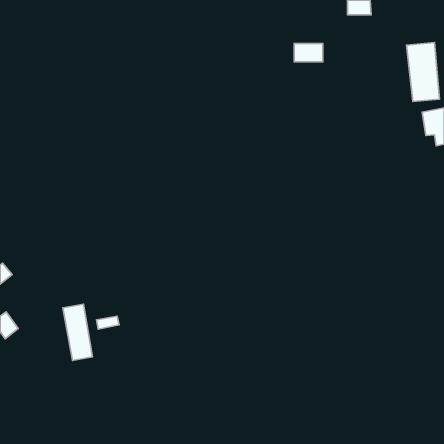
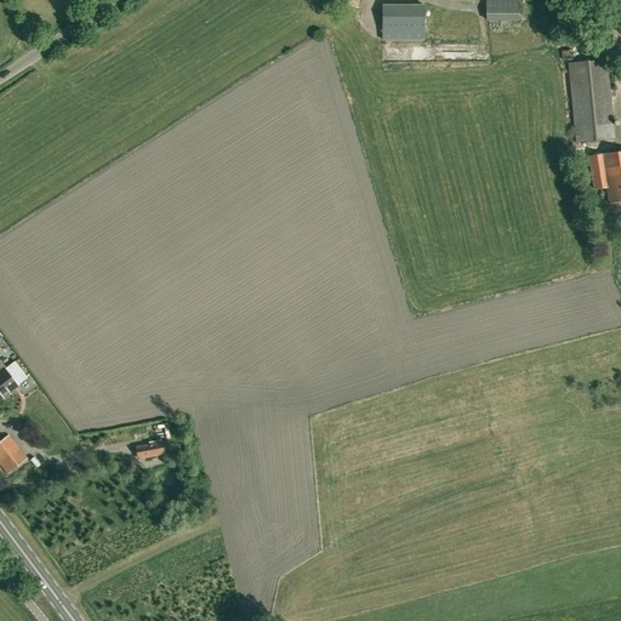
building: [294,44,323,62] -> [383,5,423,30]
building: [63,304,92,360] -> none

